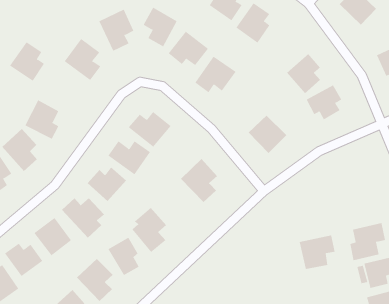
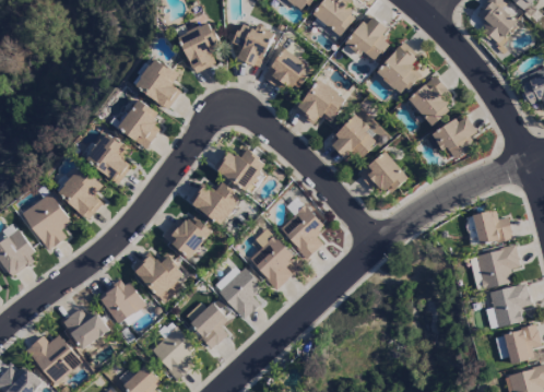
building: none -> [376,43,421,95]
building: [9,41,45,82] -> [117,99,161,149]
building: none -> [328,114,376,158]
building: none -> [472,210,512,245]
building: none -> [248,235,294,289]
building: [299,235,335,270] -> [475,246,520,288]

